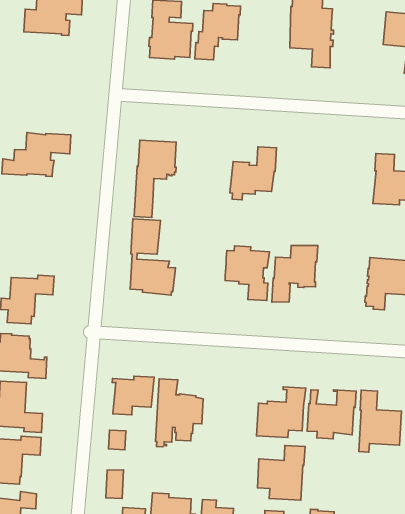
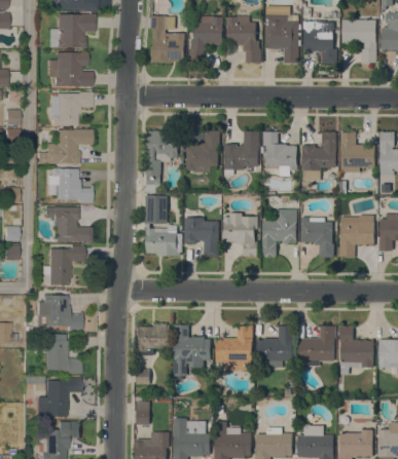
building: none -> [227,15,260,64]
building: none -> [303,21,337,63]
building: none -> [46,52,91,86]
building: none -> [47,91,92,125]
building: none -> [186,130,220,171]
building: none -> [262,131,297,176]
building: none -> [301,131,336,180]
building: none -> [46,168,91,203]
building: none -> [43,207,91,241]
building: none -> [184,217,219,257]
building: none -> [300,217,334,257]
building: [257,445,305,500] -> [216,326,253,370]

